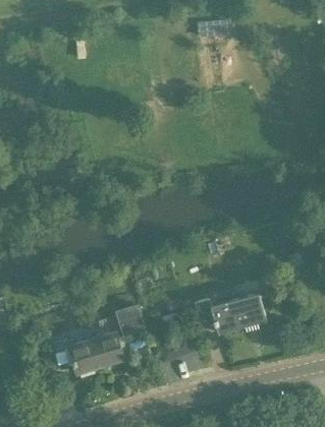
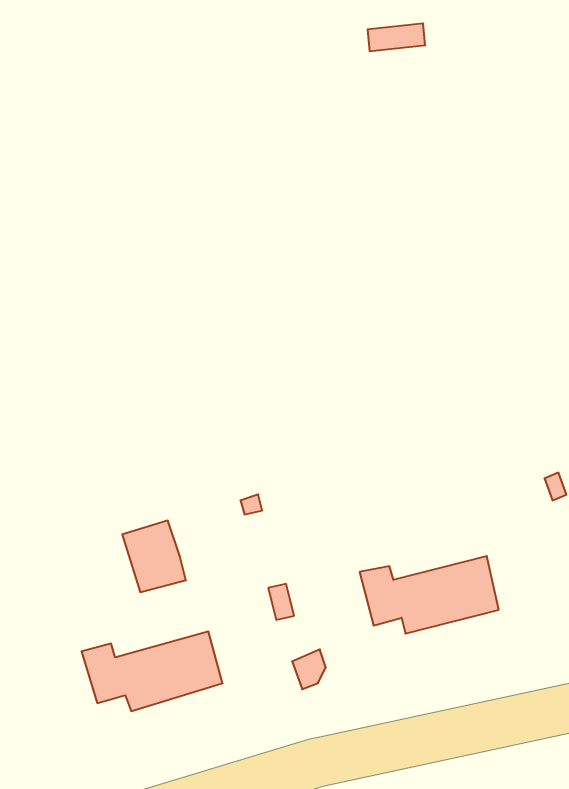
building: [114,306,147,343] -> [122,521,186,592]

